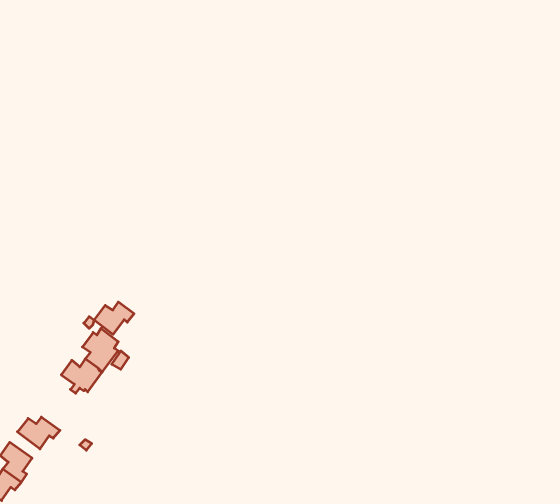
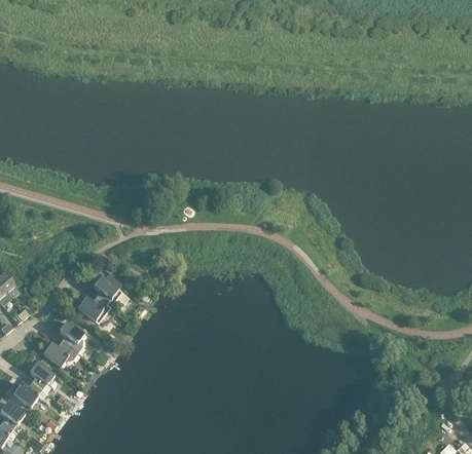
building: [94,302,134,334] -> none
building: none -> [59,319,84,351]

